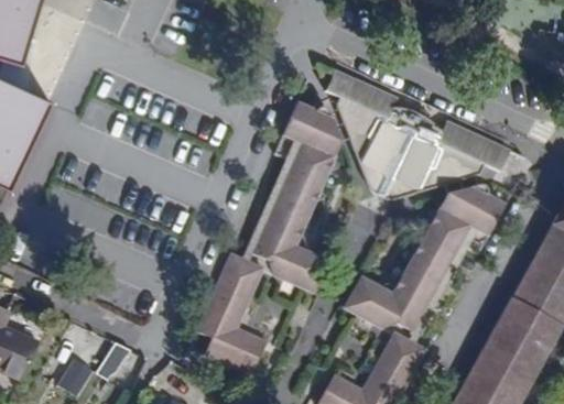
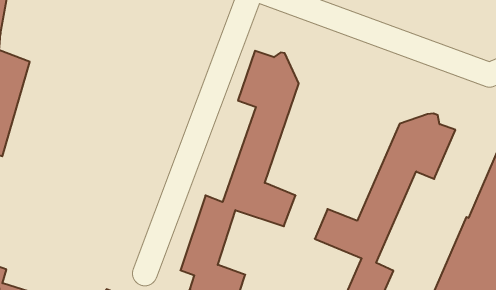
building: [326,66,510,197] -> none

